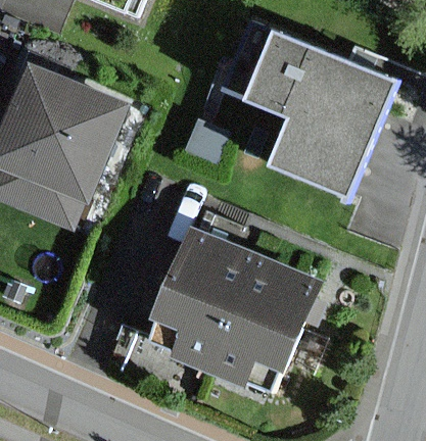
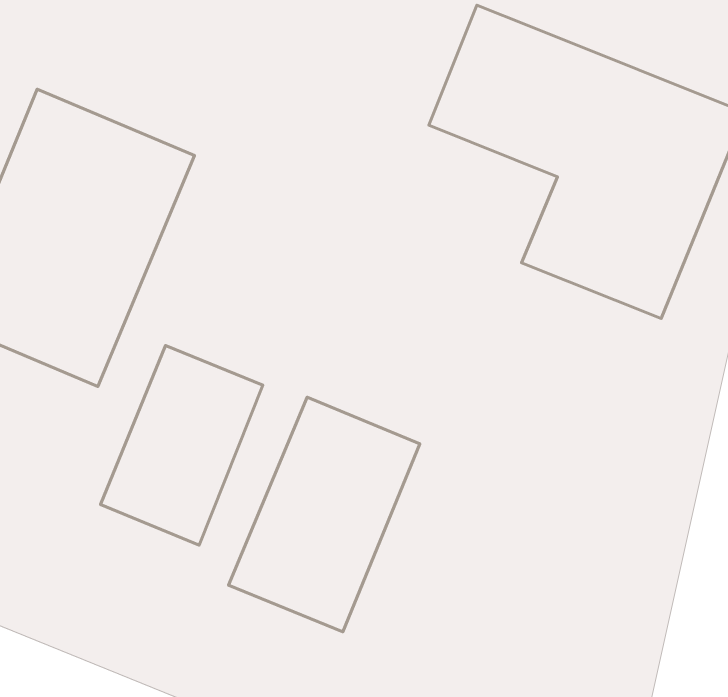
building: none -> [101,346,263,545]
building: [202,263,313,398] -> none

